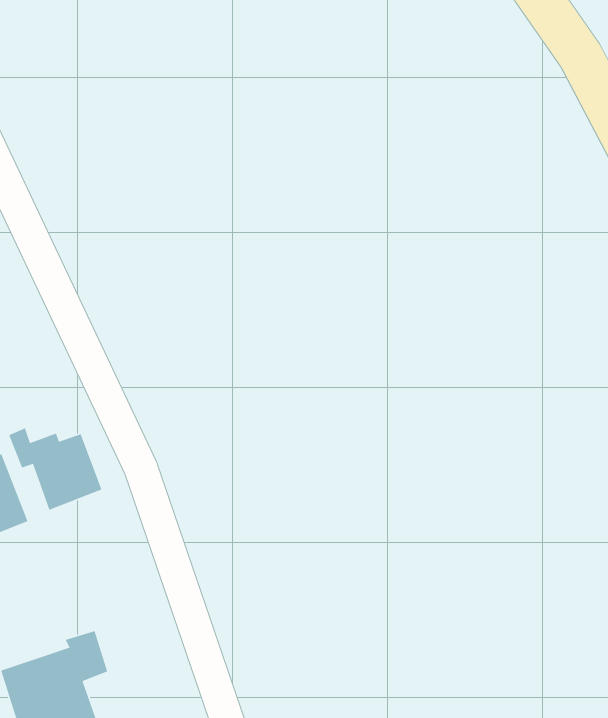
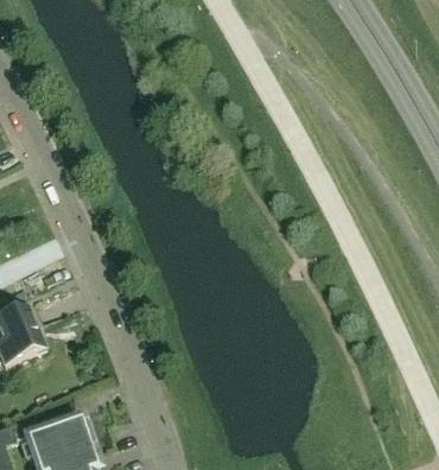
building: [8,427,103,511] -> none

